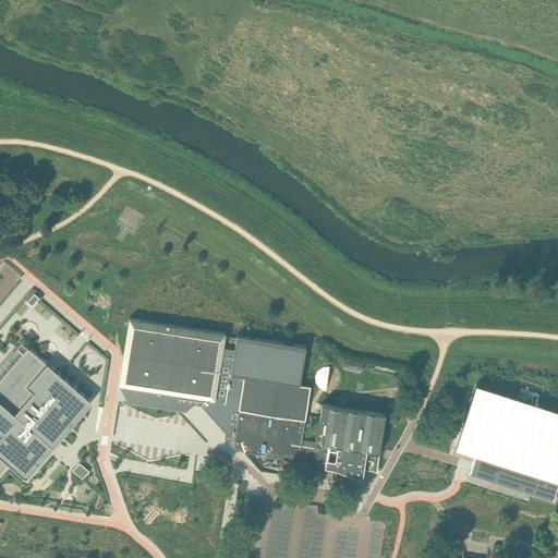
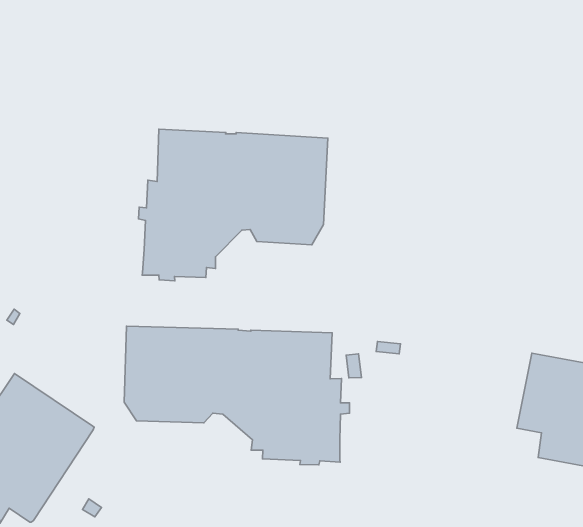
building: none -> [138,129,328,281]
building: [300,404,387,478] -> none

